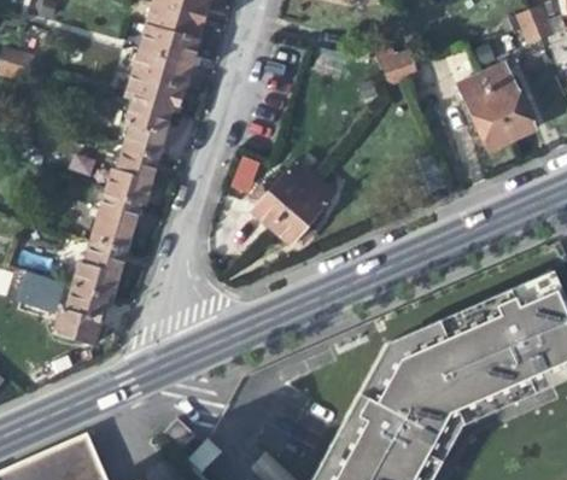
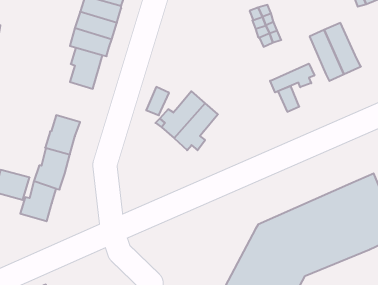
building: none -> [270,64,314,92]
building: [105,148,157,206] -> none

